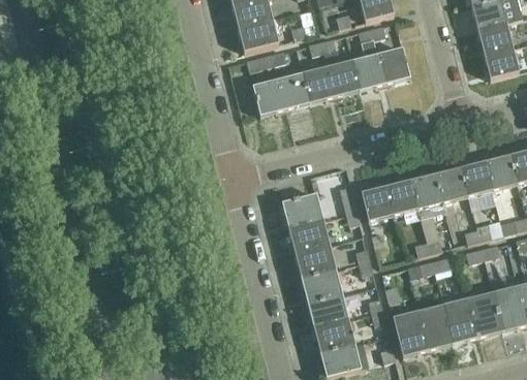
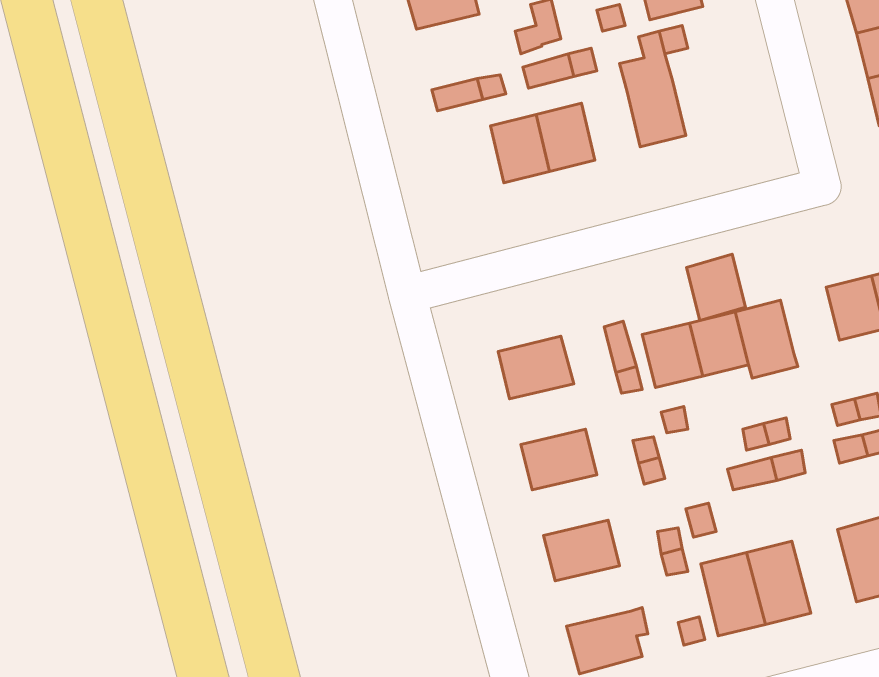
building: [238,17,279,51] -> none
building: [377,46,410,83] -> none
building: [328,59,360,96] -> none
building: [252,77,285,115] -> none
building: [436,165,468,201] -> [687,254,745,321]
building: [288,218,330,251] -> none
building: [301,267,342,300] -> none
building: [442,297,477,343] -> none
building: [313,317,354,350] -> none

